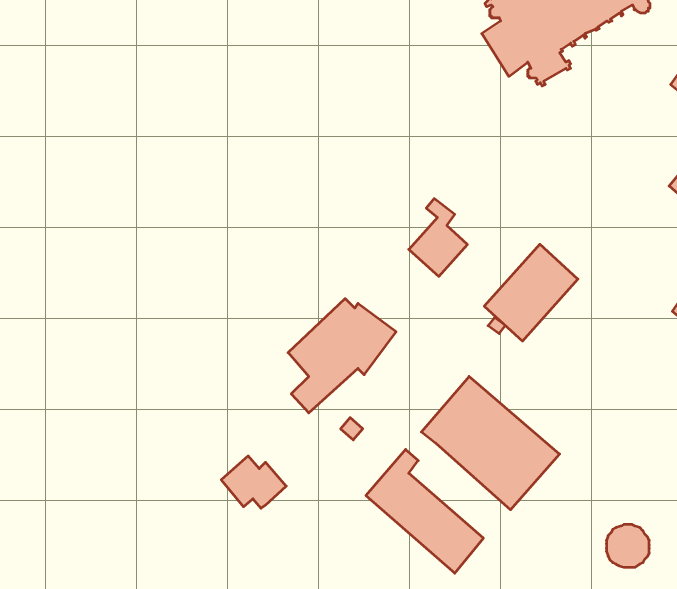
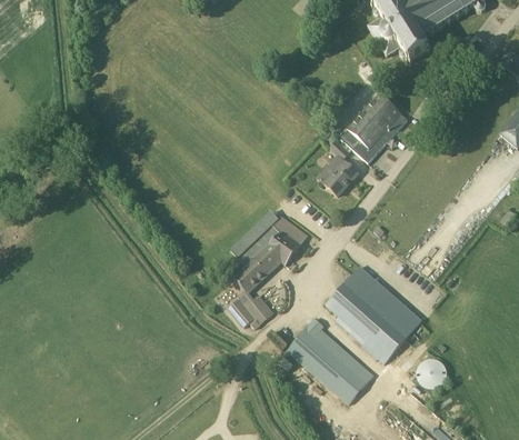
building: [484,244,578,341] -> [341,94,407,162]
building: [221,456,286,508] -> [228,291,273,328]
building: [606,524,649,567] -> [417,358,447,388]

